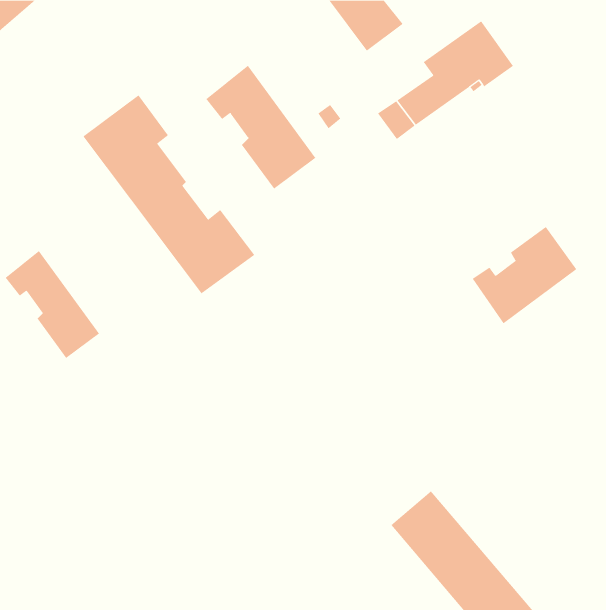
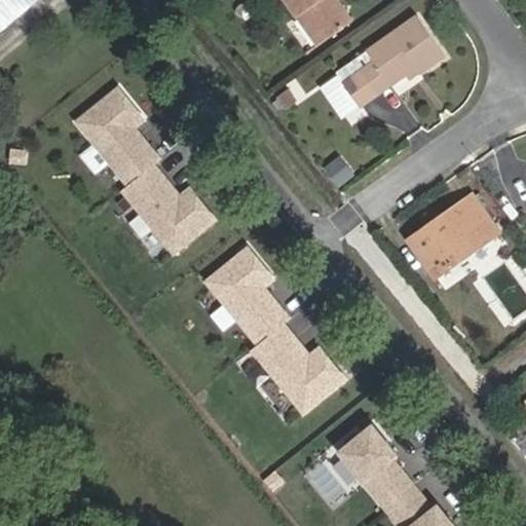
building: [205,65,316,190] -> none
building: [5,250,100,359] -> none
building: none -> [199,241,348,413]

